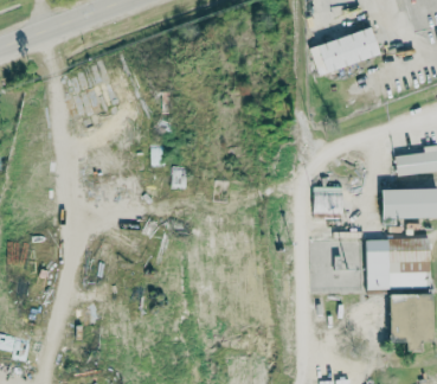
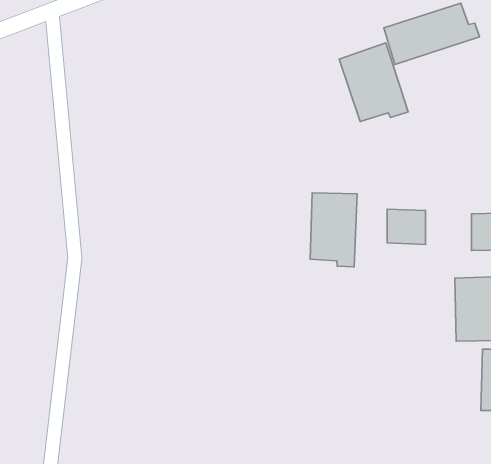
building: none -> [339,43,408,121]
building: none -> [310,193,357,267]

